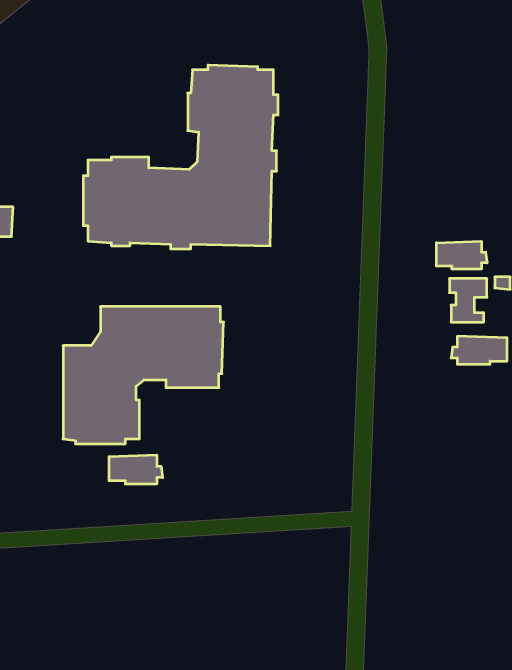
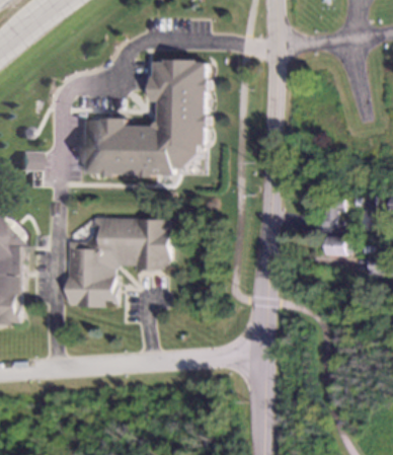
building: [436,241,487,269] -> none
building: [109,455,163,484] -> none

